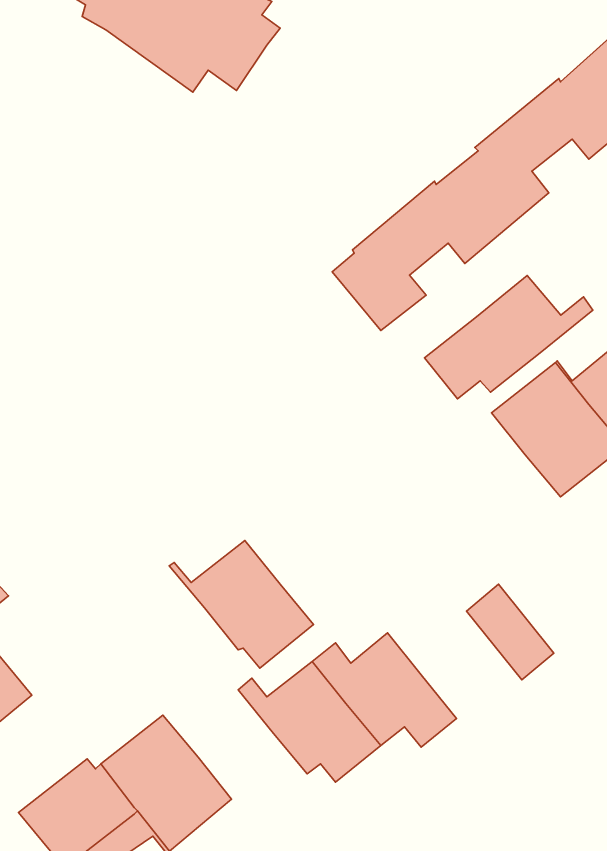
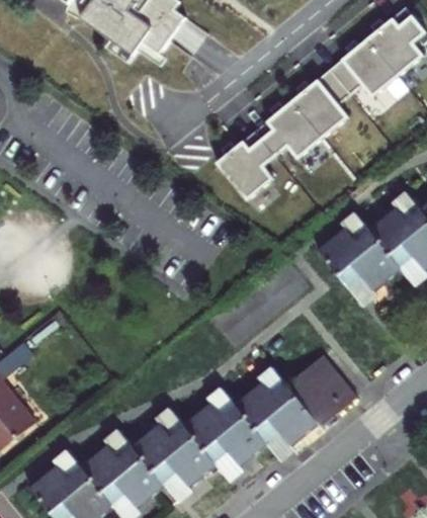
building: [424,276,593,399] -> none
building: [169,541,314,668] -> [117,418,204,495]
building: none -> [253,368,334,435]

